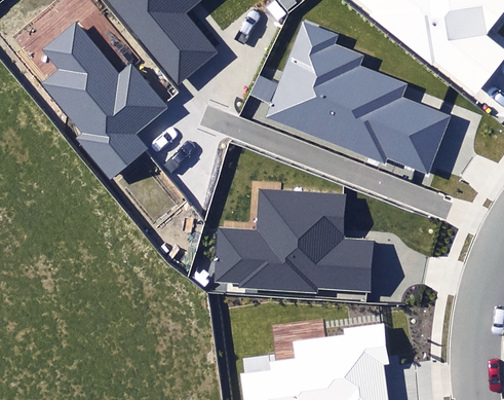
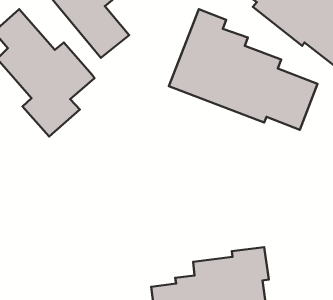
building: [214,191,371,292] -> none

